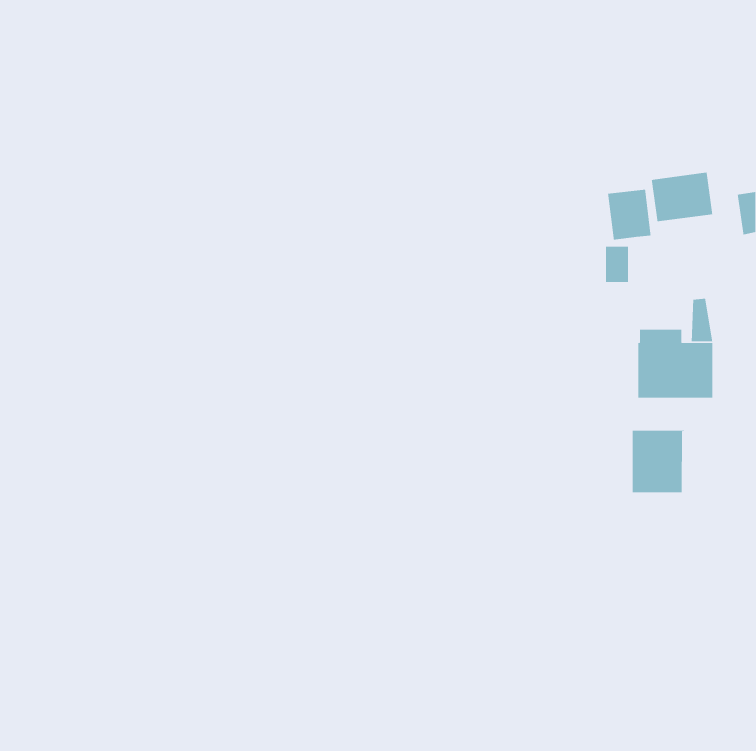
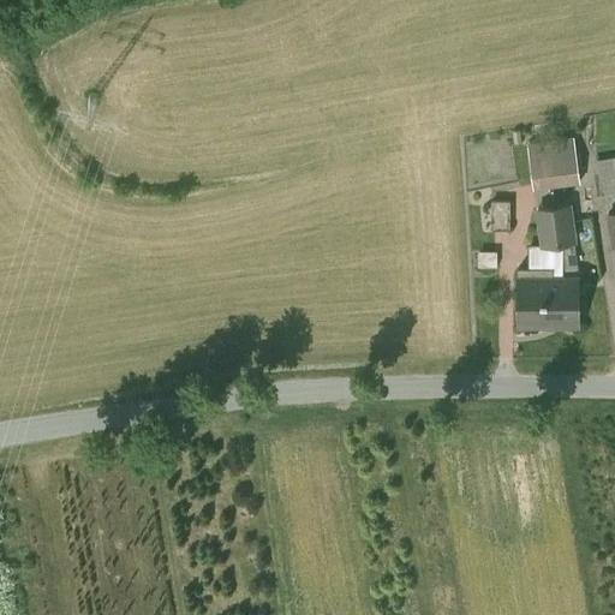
building: [607,189,652,241] -> [538,208,574,250]
building: [632,430,685,493] -> none

